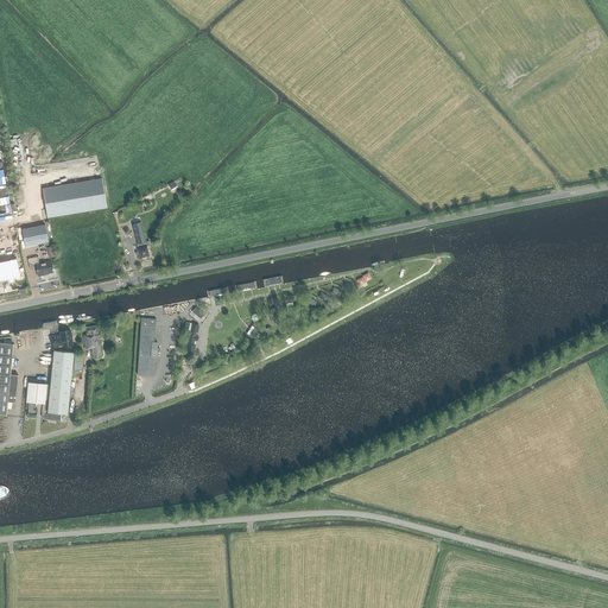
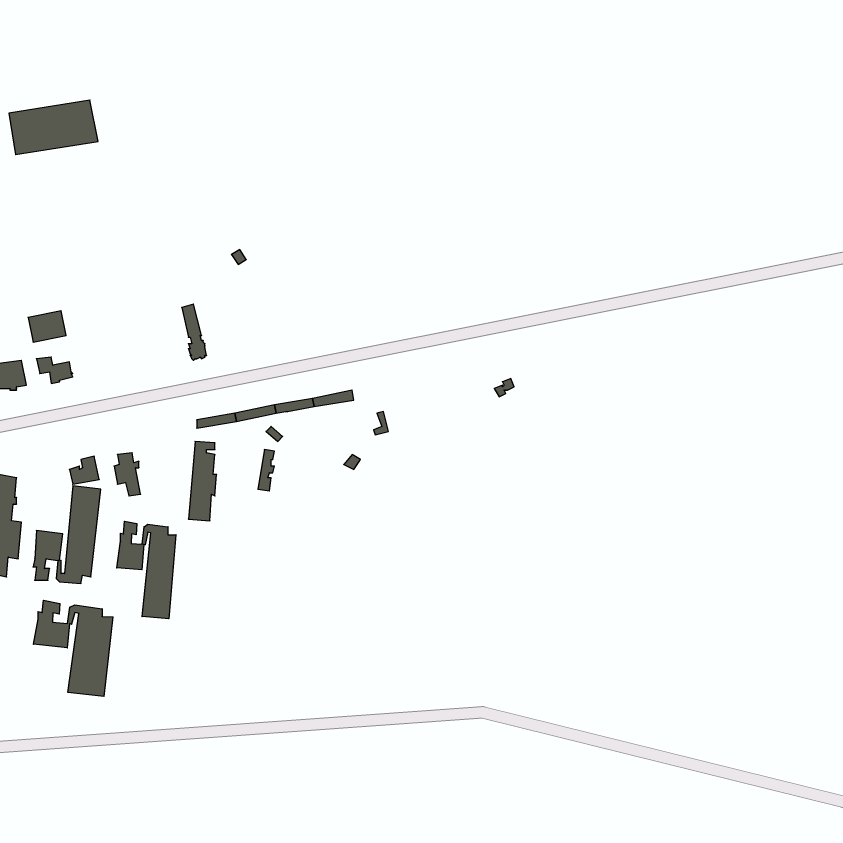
building: [42,177,106,216] -> [9,100,98,155]
building: none -> [117,521,176,619]
building: none -> [33,600,113,696]

